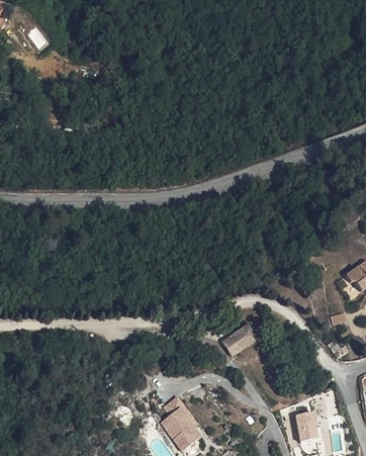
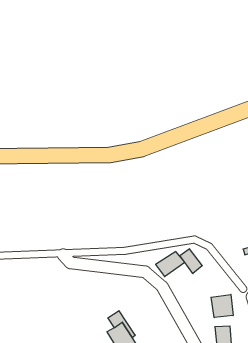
building: none -> [180,249,202,274]
building: none -> [211,294,233,318]

